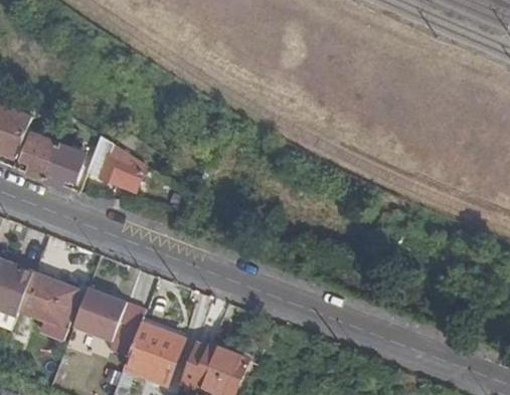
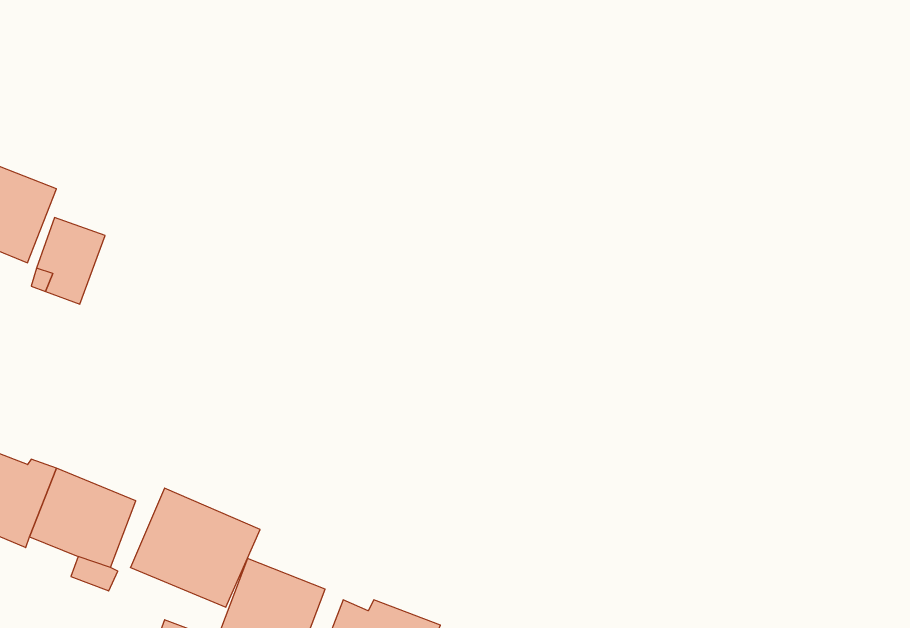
building: [87,136,156,195] -> none
building: [45,143,87,188] -> none

